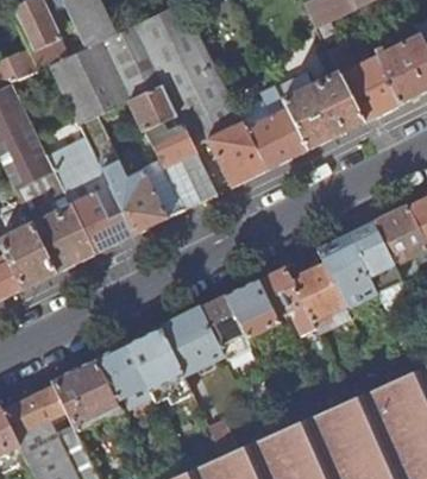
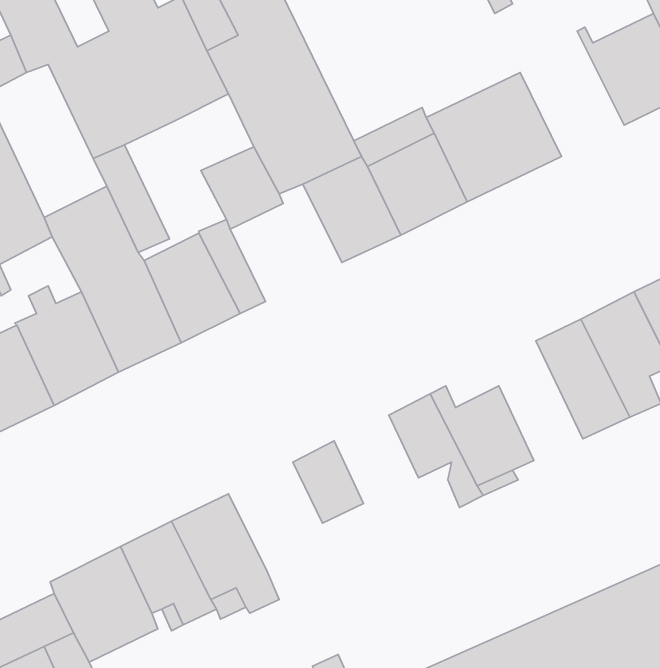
building: [325,44,400,124] -> none
building: [126,86,175,133] -> none
building: [161,152,214,212] -> none
building: [316,235,375,309] -> none
building: [224,281,277,340] -> none
building: [159,309,222,376] -> none

